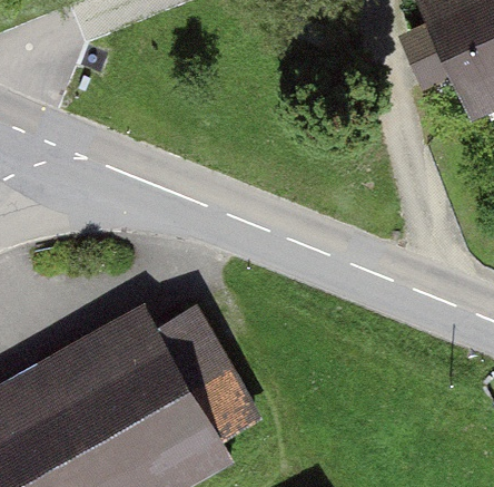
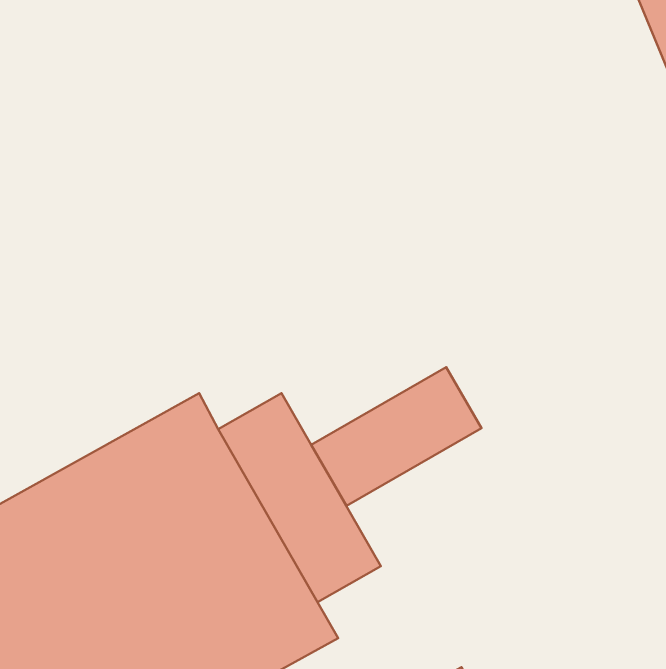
building: none -> [311,367,482,506]

